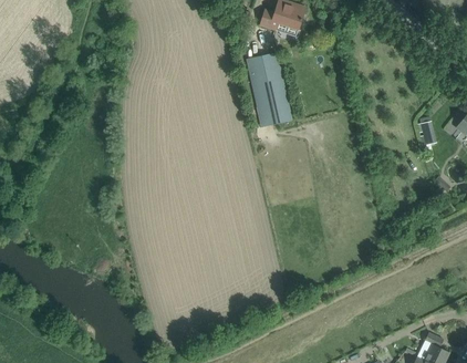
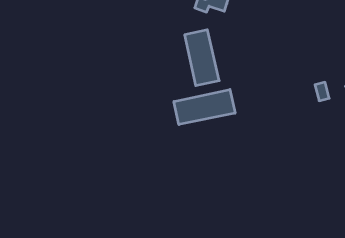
building: none -> [174,89,235,125]

